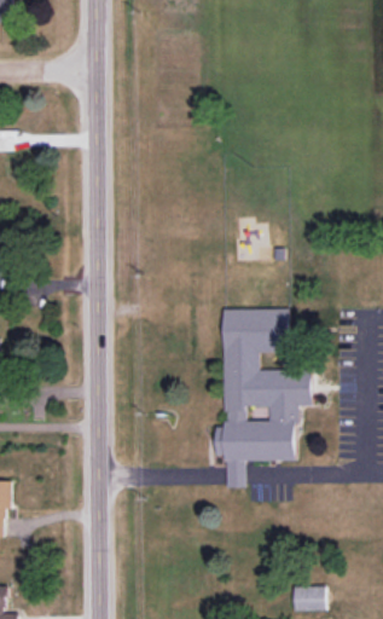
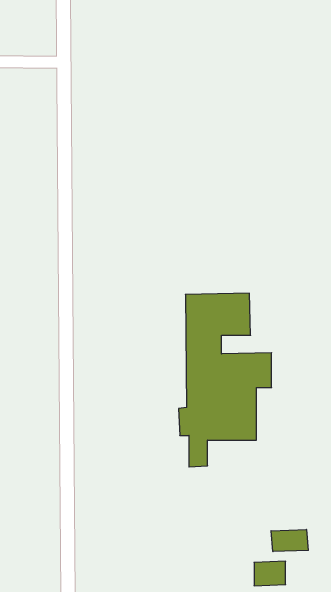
building: none -> [271,529,308,552]

